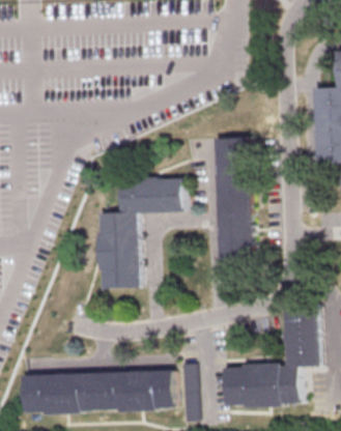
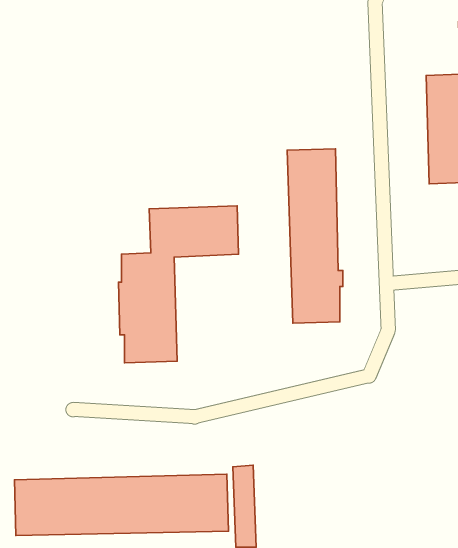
building: [222,304,316,409] -> none

